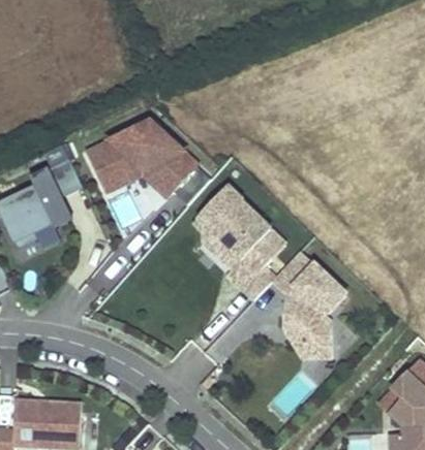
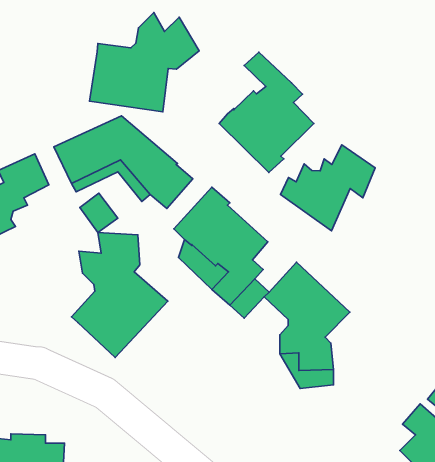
building: none -> [90,13,199,112]
building: none -> [219,52,314,172]
building: none -> [281,145,375,231]
building: none -> [72,232,168,358]

